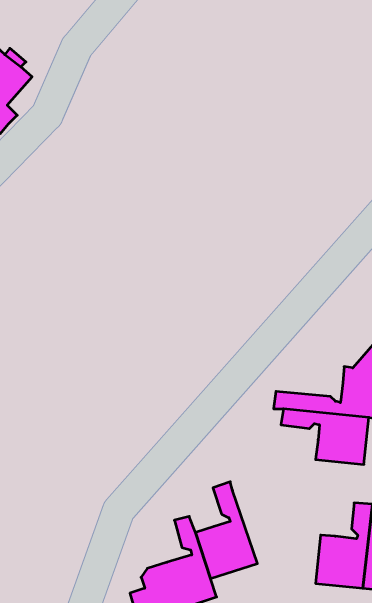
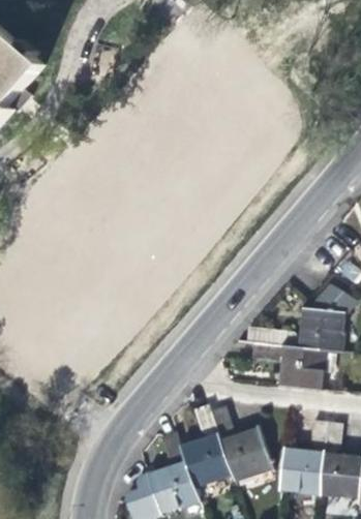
building: none -> [211,407,271,482]

